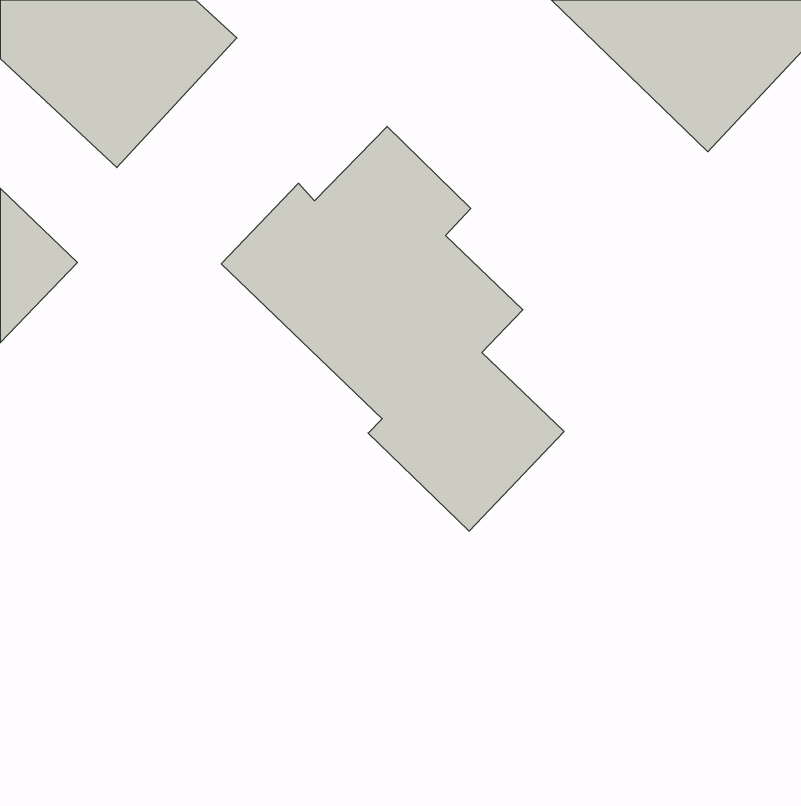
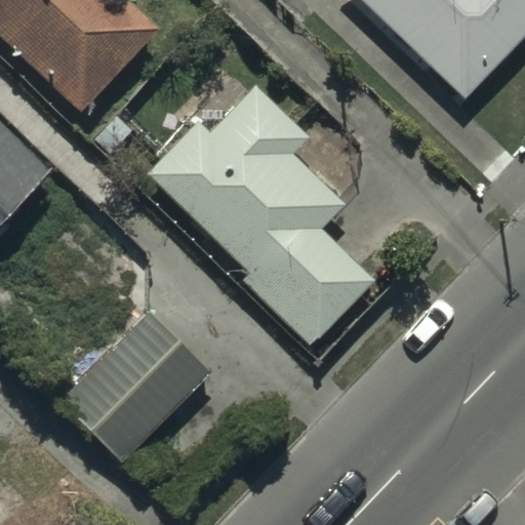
building: none -> [58,308,208,458]

